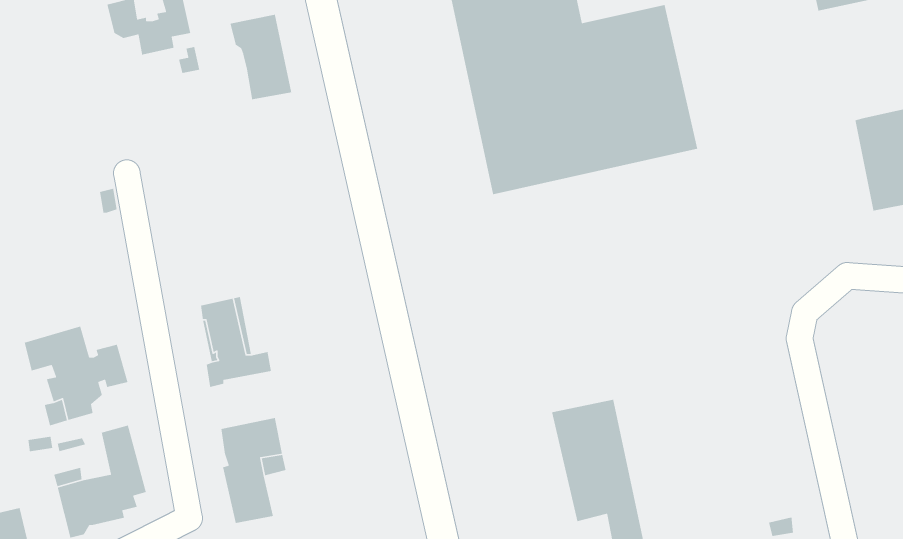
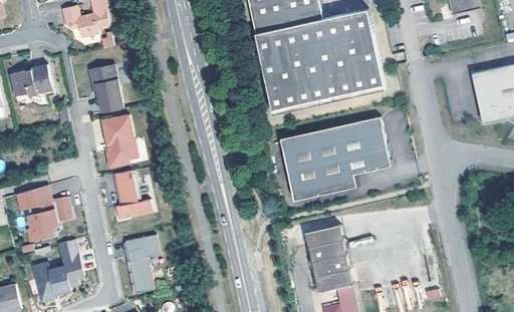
building: [230,14,292,100] -> [89,64,123,111]
building: none -> [10,64,53,97]
building: none -> [104,113,139,167]
building: none -> [279,115,391,201]

